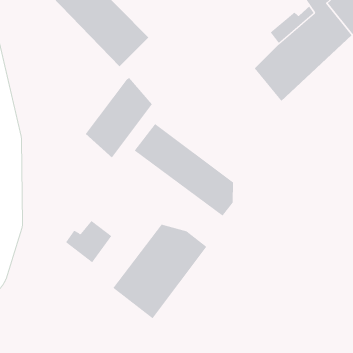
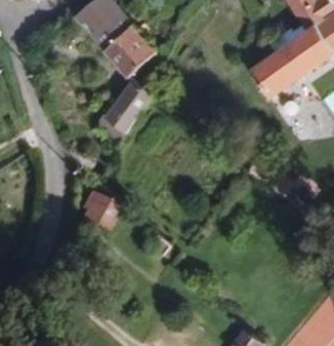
building: [134,123,233,217] -> none
building: [112,224,207,319] -> none

